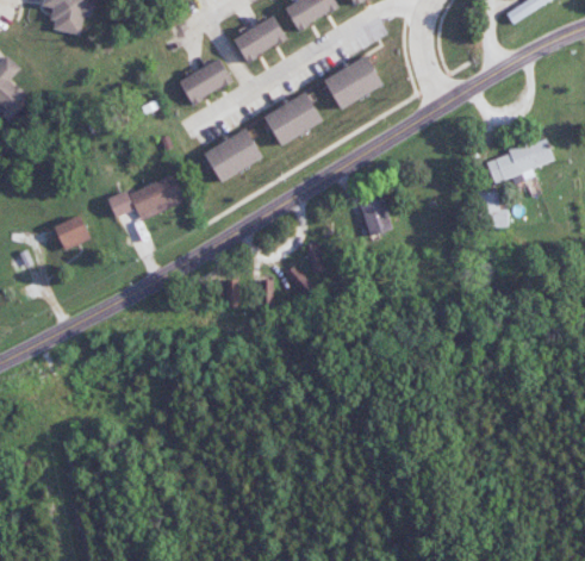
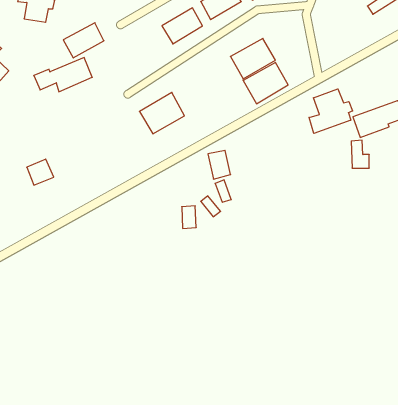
building: [178,58,231,105] -> [63,23,104,58]
building: [262,92,322,147] -> [243,62,288,104]
building: none -> [309,89,353,133]
building: [106,175,183,220] -> [34,58,92,92]
building: [360,198,390,236] -> [208,150,231,179]

